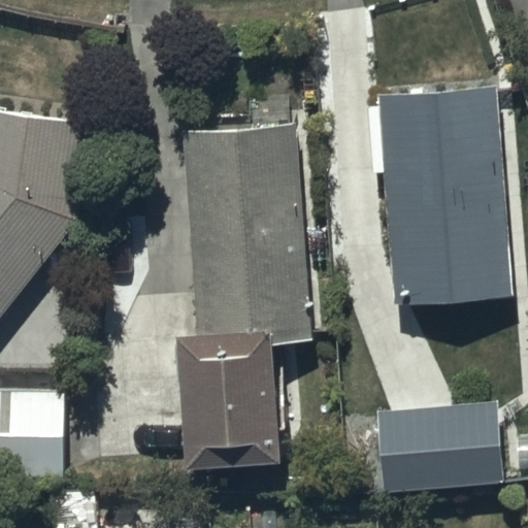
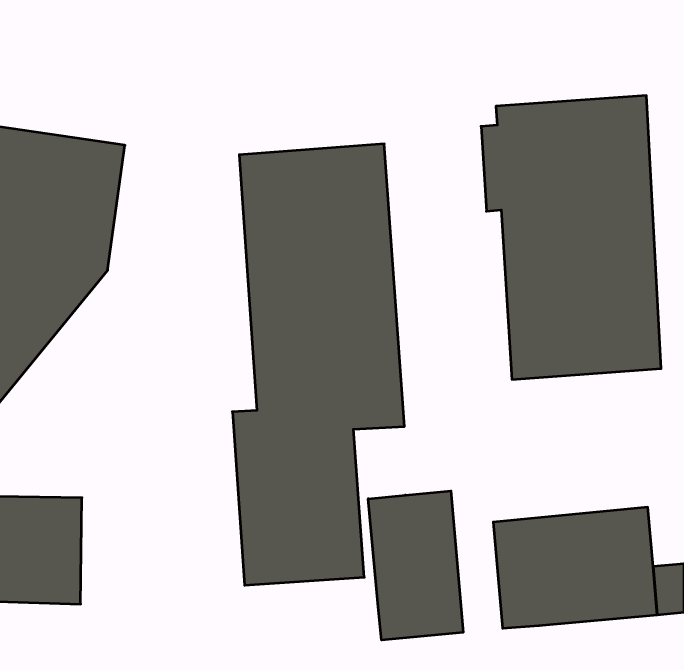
building: none -> [368,491,463,640]

